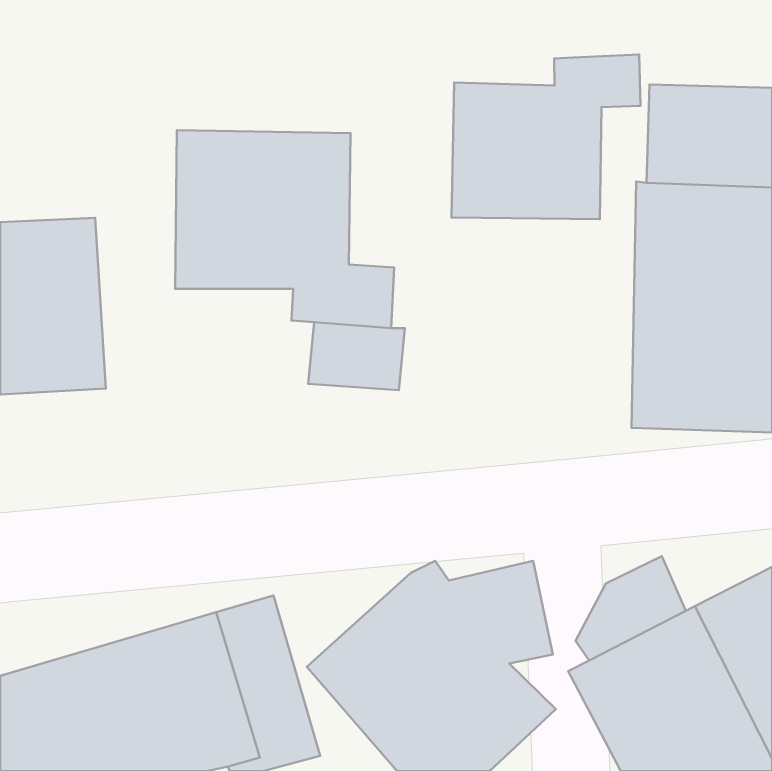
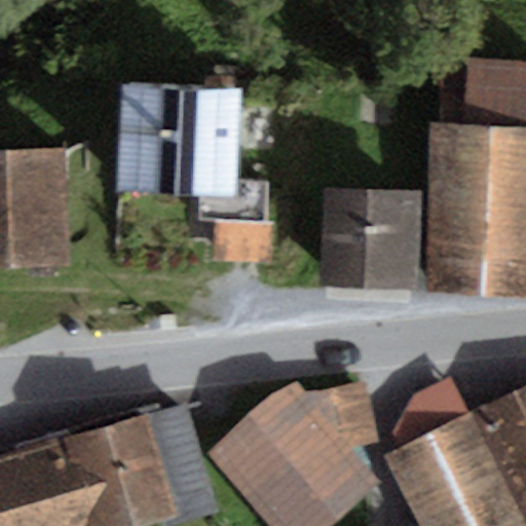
building: [452,54,640,219] -> none
building: none -> [323,189,420,289]

